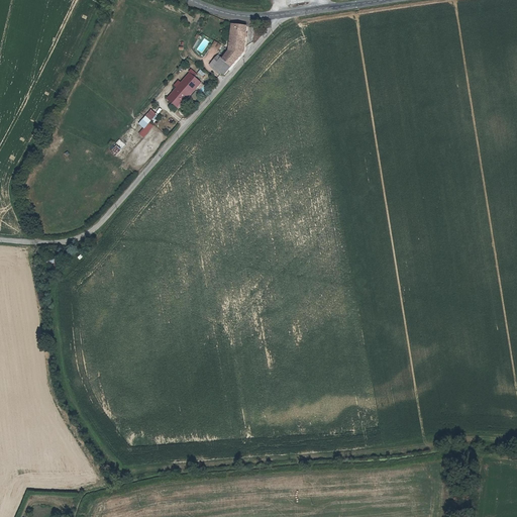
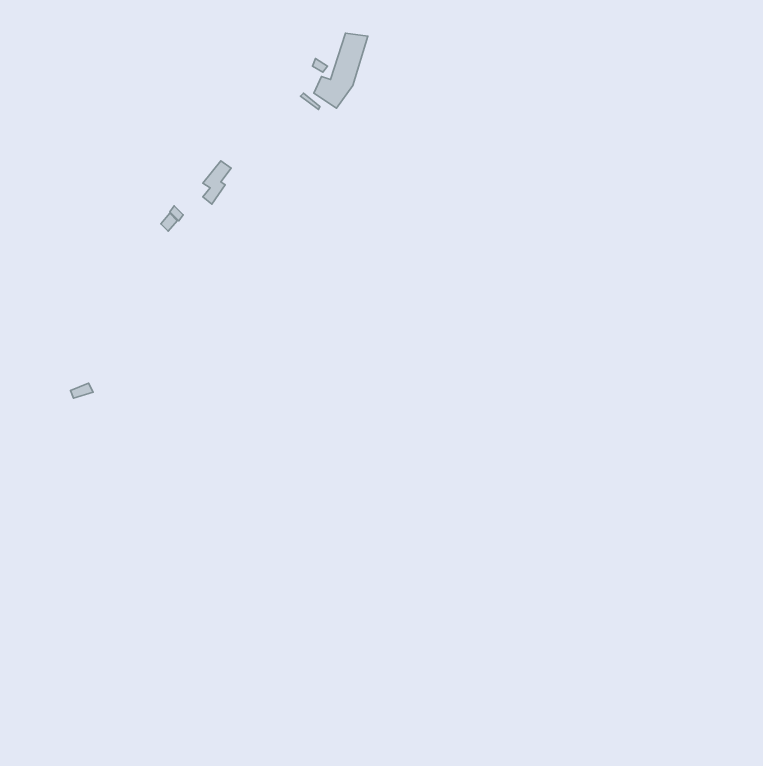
building: [168,73,201,107] -> none

